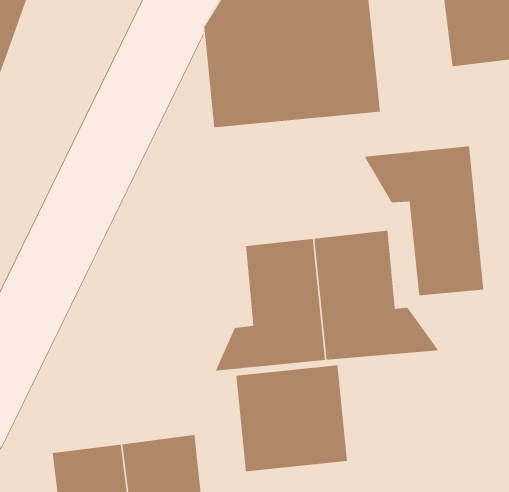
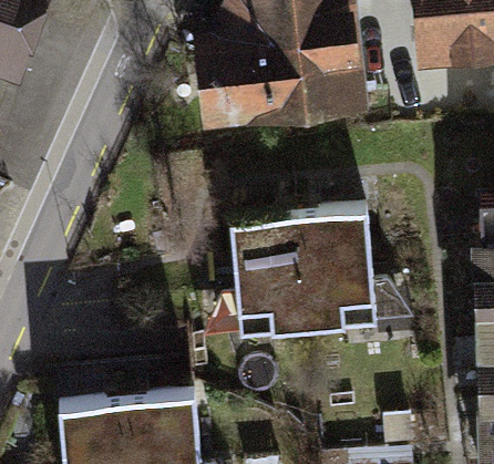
building: [364,146,484,296] -> none
building: [236,365,348,472] -> none

